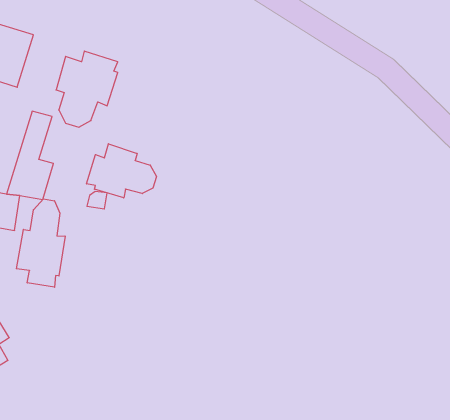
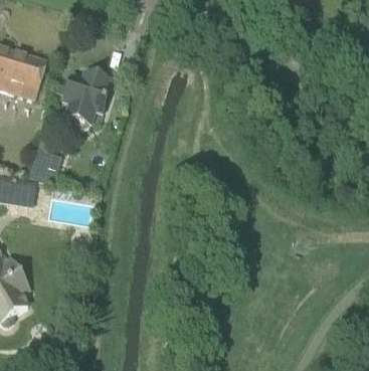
building: [87,144,157,198] -> none
building: [16,199,65,287] -> none

